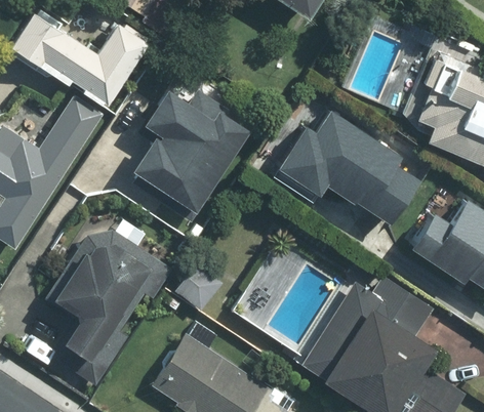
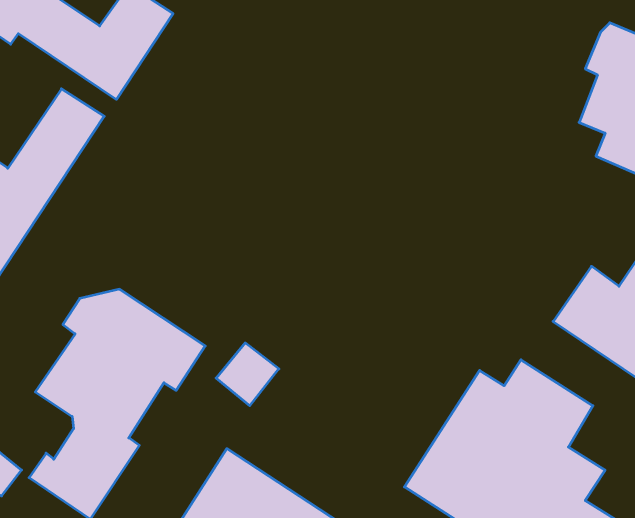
building: [125,85,248,223] -> none
building: [271,115,417,230] -> none

